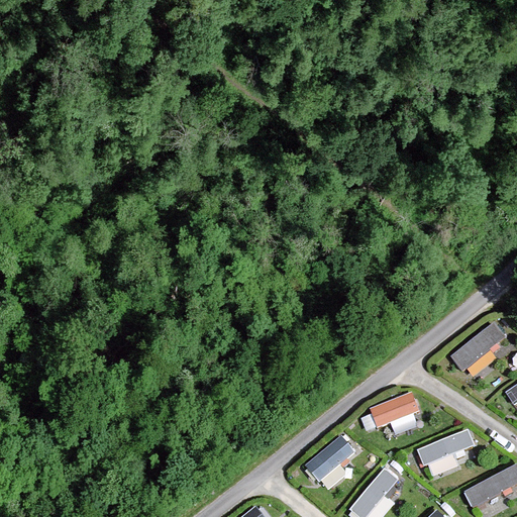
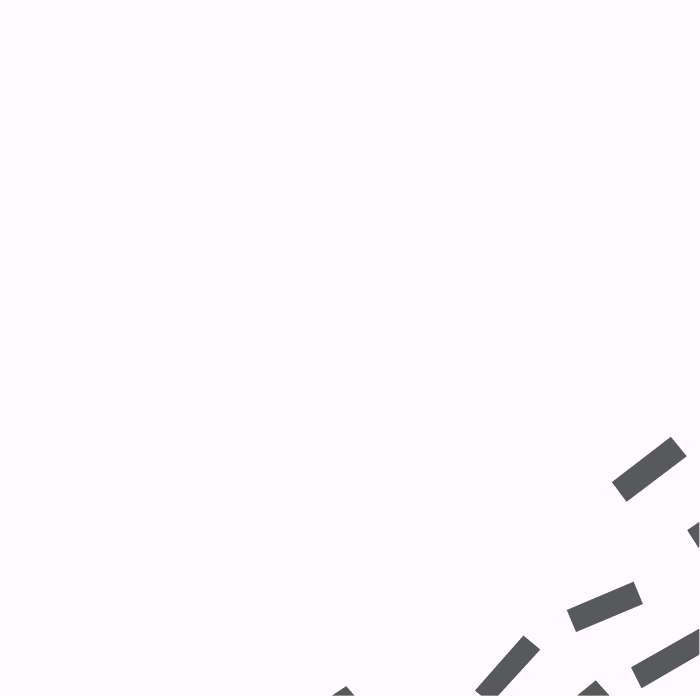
building: [371,392,419,427] -> none
building: [305,435,355,482] -> none

